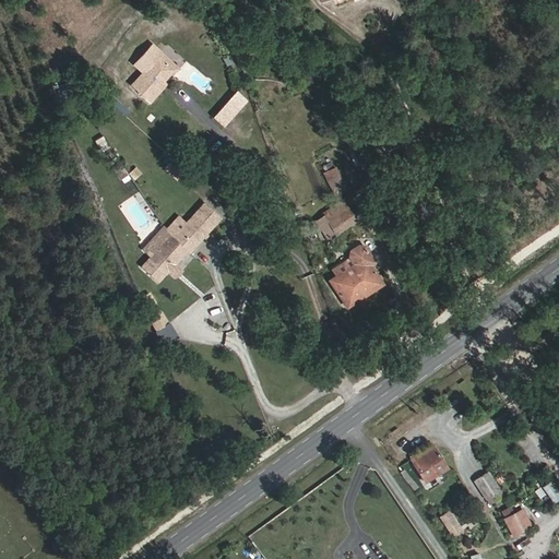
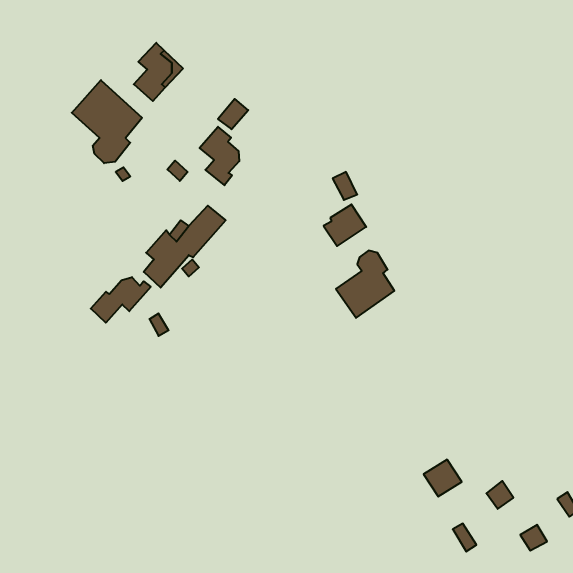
building: none -> [72,80,142,163]
building: none -> [200,127,239,185]
building: none -> [91,277,151,323]

